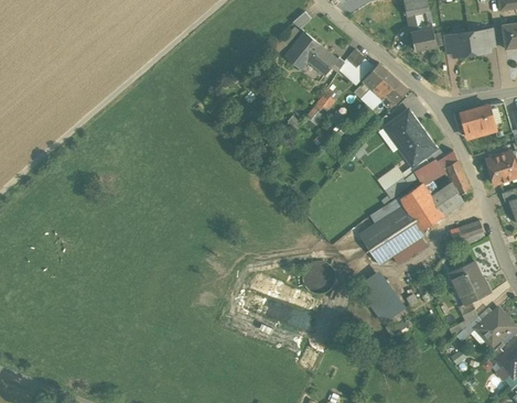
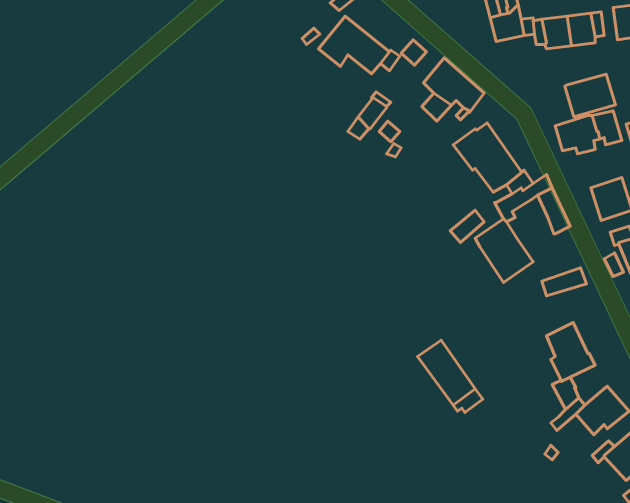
building: none -> [565,74,615,117]
building: [431,182,463,215] -> none
building: [358,204,424,264] -> none
building: [302,261,335,294] -> none

